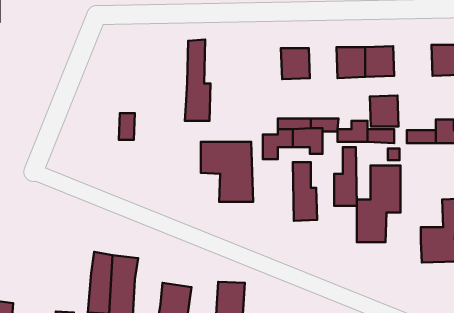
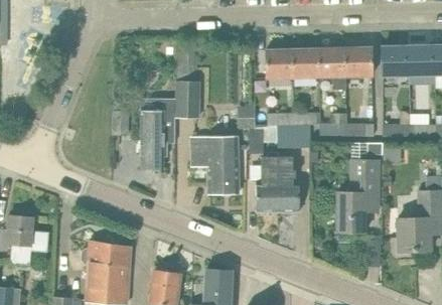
building: none -> [292,48,319,78]
building: [370,95,399,126] -> [382,46,409,75]
building: none -> [140,99,176,169]
building: [334,147,357,206] -> [257,157,278,212]
building: none -> [6,215,48,263]

